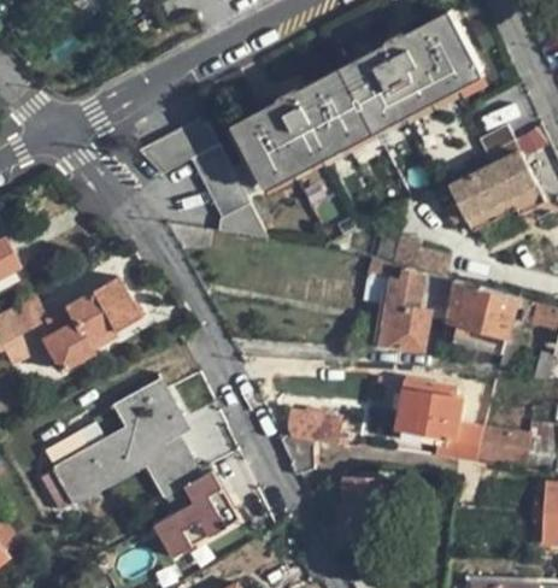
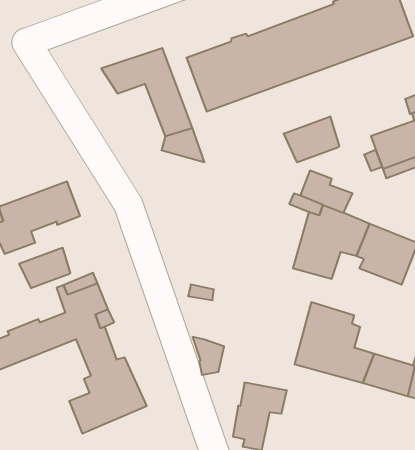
building: none -> [284,116,339,162]
building: none -> [19,248,70,288]
building: [288,411,342,443] -> none

